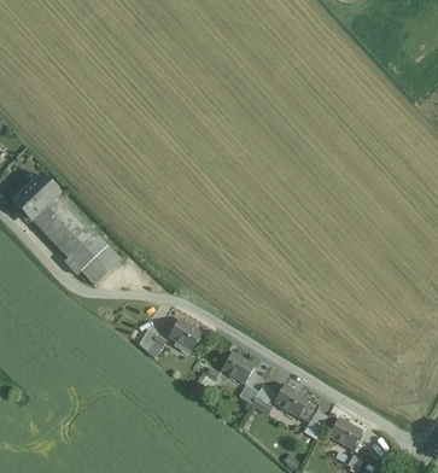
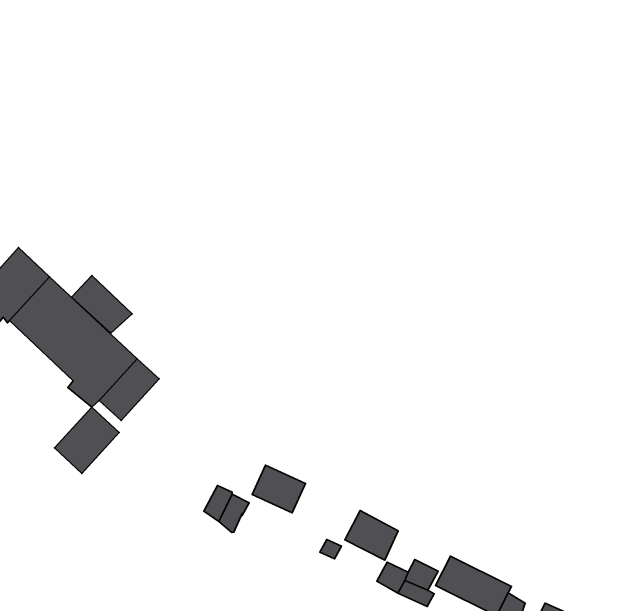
building: none -> [71,276,132,333]
building: none -> [54,407,119,473]

